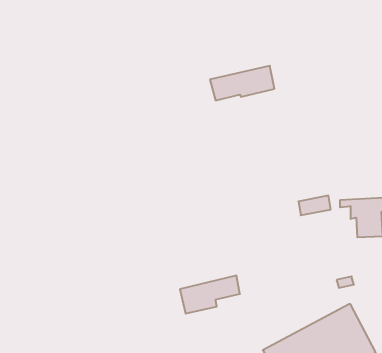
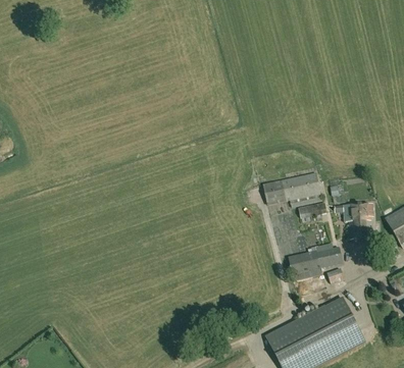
building: [210,66,274,100] -> [262,172,319,203]
building: [180,275,240,314] -> [288,245,341,278]

